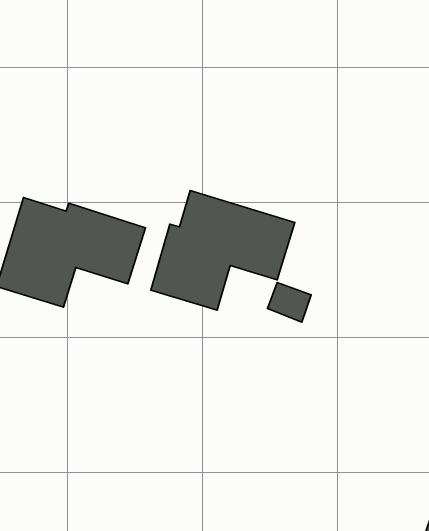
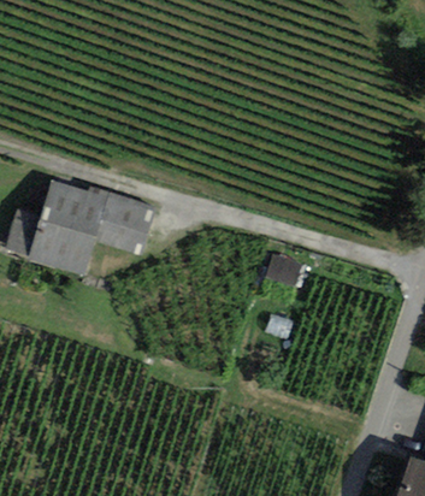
building: [151,190,295,310] -> none

